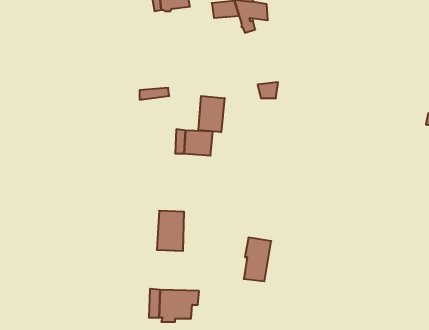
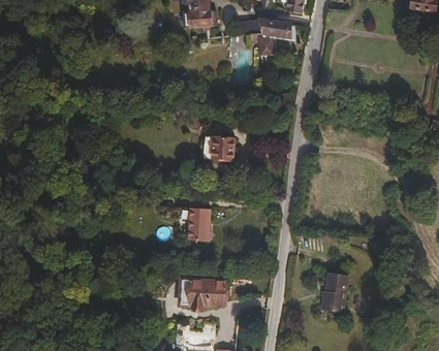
building: [199,96,225,132] -> none
building: [244,238,271,281] -> [324,272,349,311]

